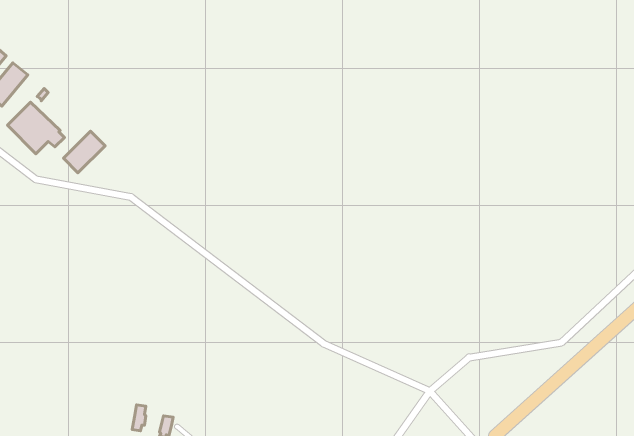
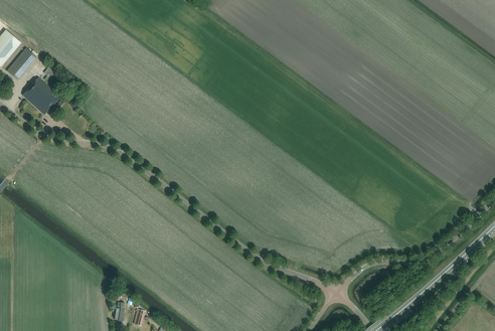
building: [63,131,105,173] -> none

